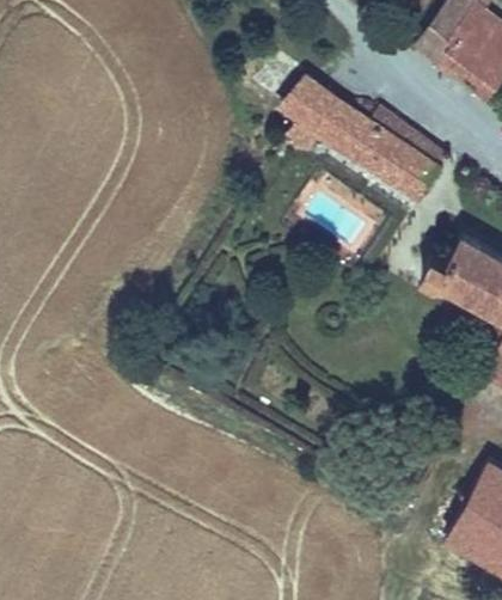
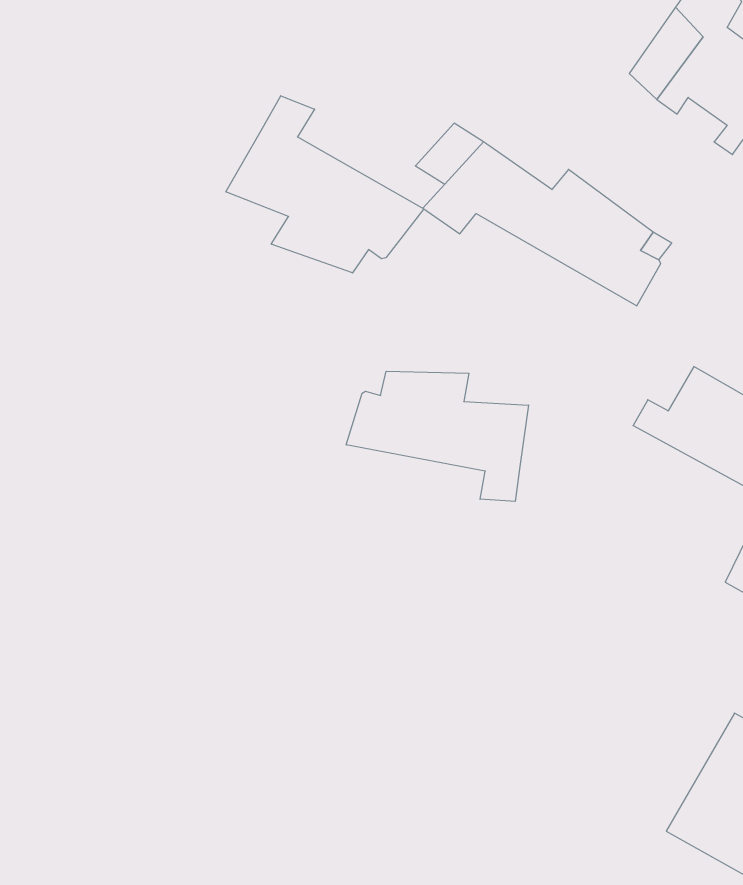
building: none -> [226,96,424,273]
building: none -> [346,371,529,501]

